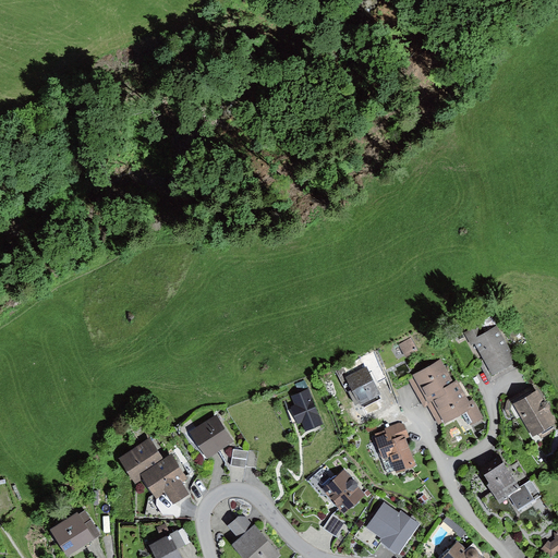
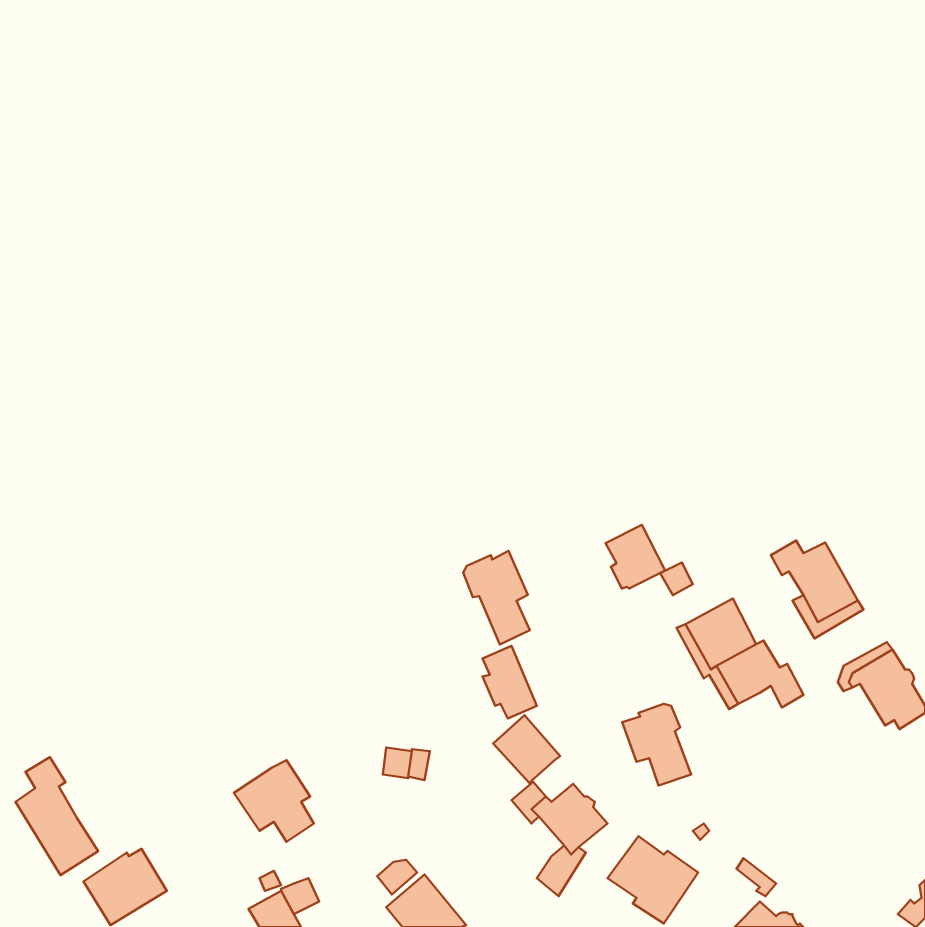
building: none -> [463,551,530,645]
building: [344,367,380,405] -> [605,525,665,588]
building: [190,415,233,459] -> none
building: none -> [493,715,560,783]
building: [117,438,163,482] -> none
building: none -> [16,757,98,875]
building: [484,462,539,510] -> none

